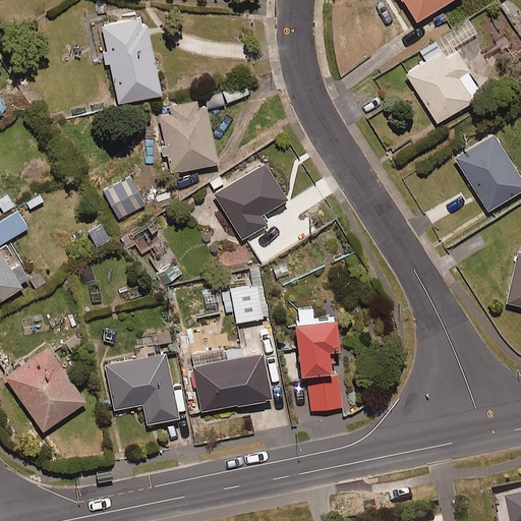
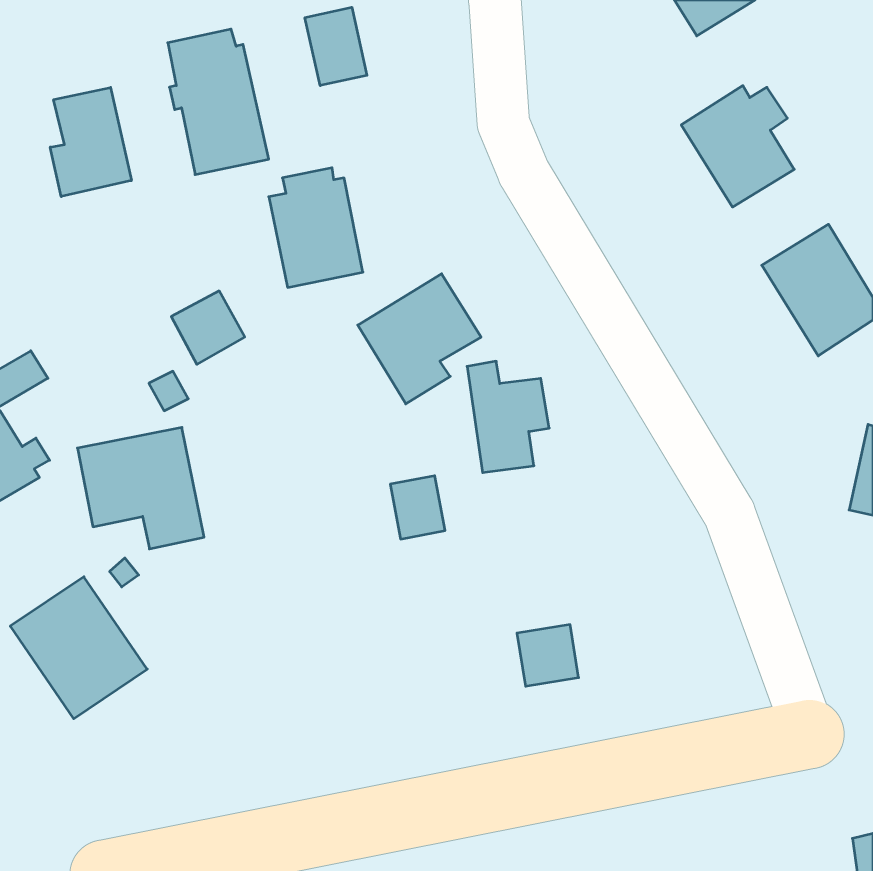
building: none -> [305,7,367,86]
building: none -> [50,87,131,197]
building: [297,306,346,372] -> [467,361,549,473]
building: [105,350,180,422] -> [77,427,204,549]
building: [193,350,275,411] -> none

